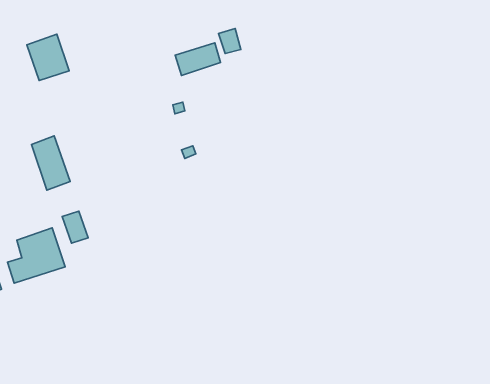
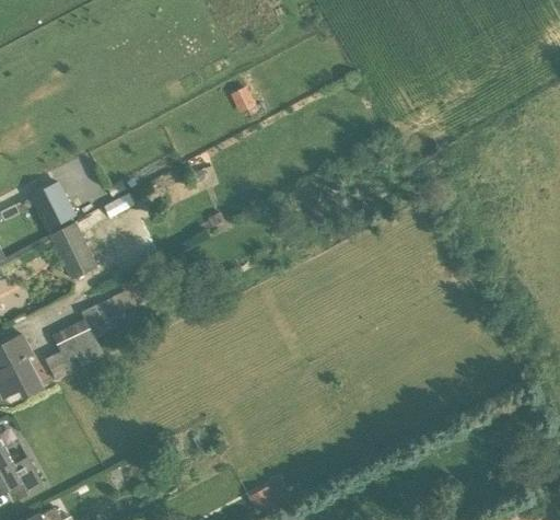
building: [27,34,69,81] -> [28,180,75,230]
building: [175,43,220,75] -> none

